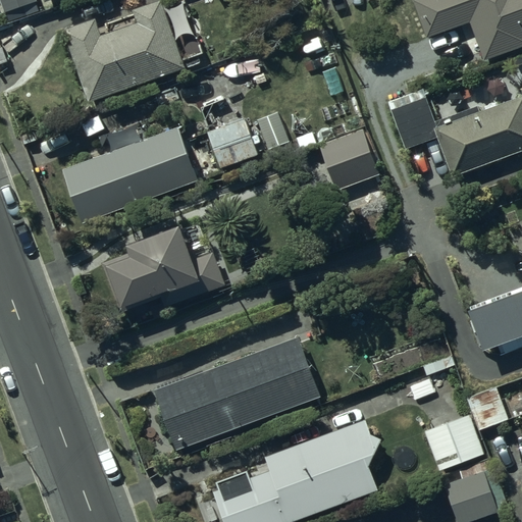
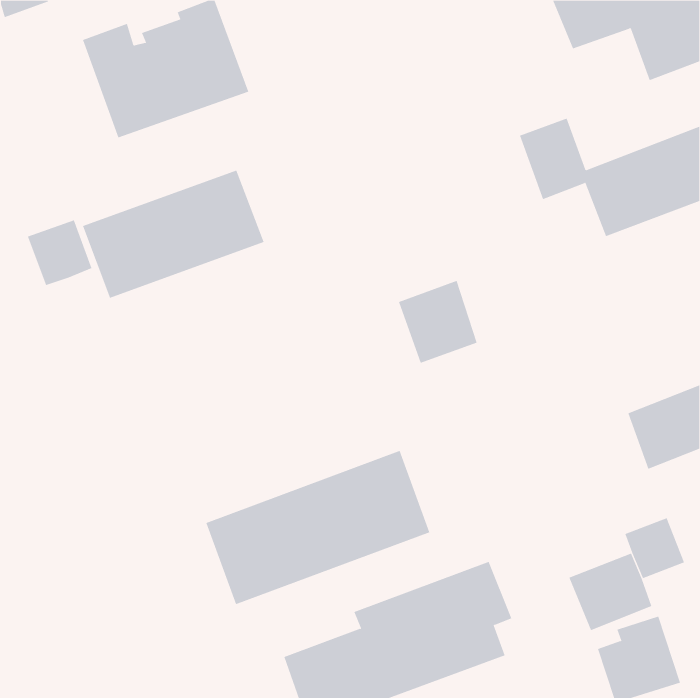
building: [207,119,258,169] -> none
building: [319,128,378,191] -> [398,280,478,364]
building: none -> [27,219,92,286]
building: [104,224,224,307] -> none

